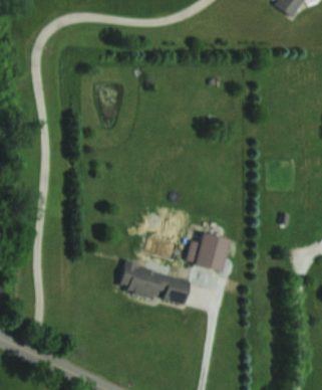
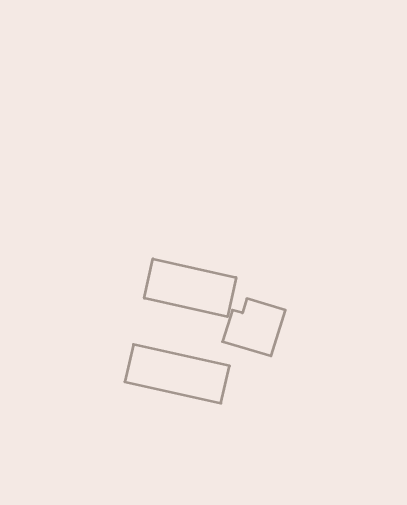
building: none -> [144,259,236,317]

